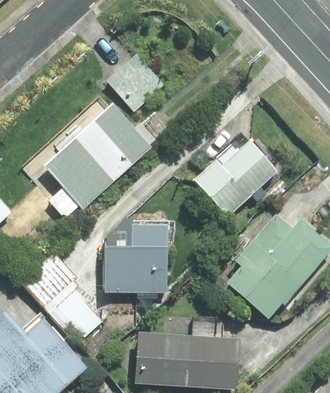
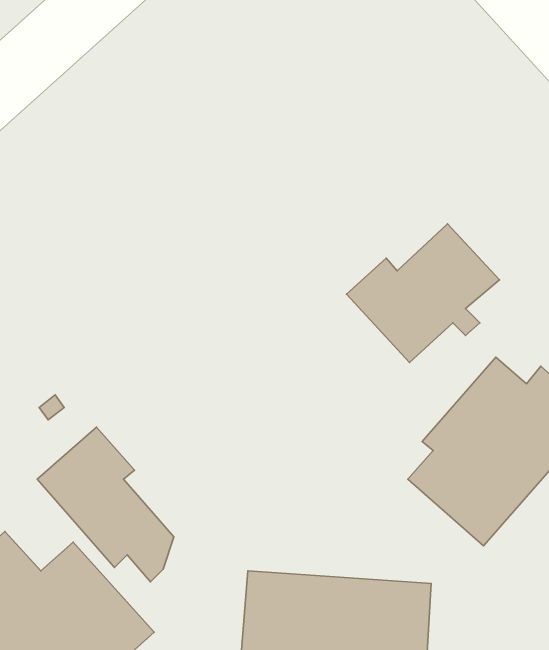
building: [108,54,165,110] -> none
building: [43,102,152,218] -> none
building: [104,223,167,298] -> none

